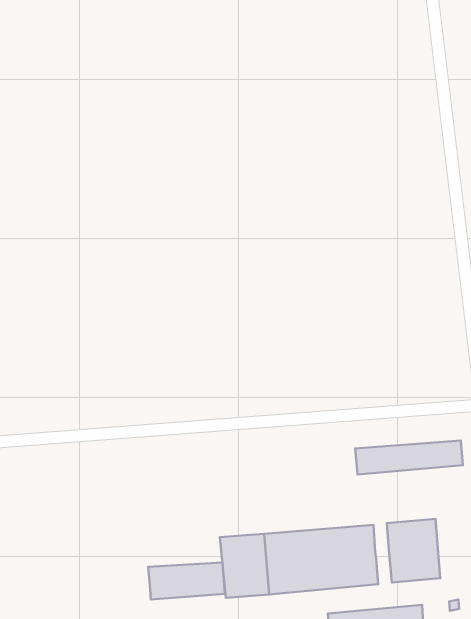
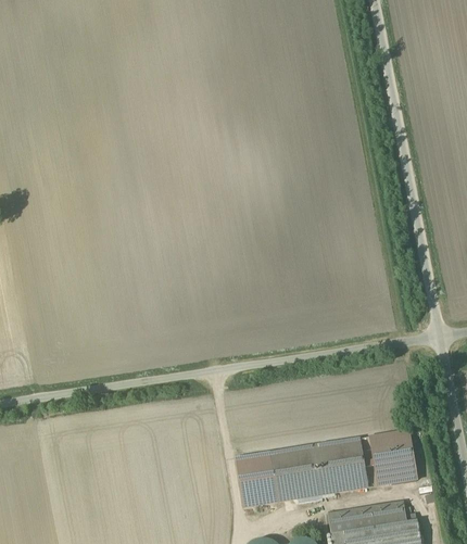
building: [355,440,463,474] -> none
building: [148,563,225,599] -> none

